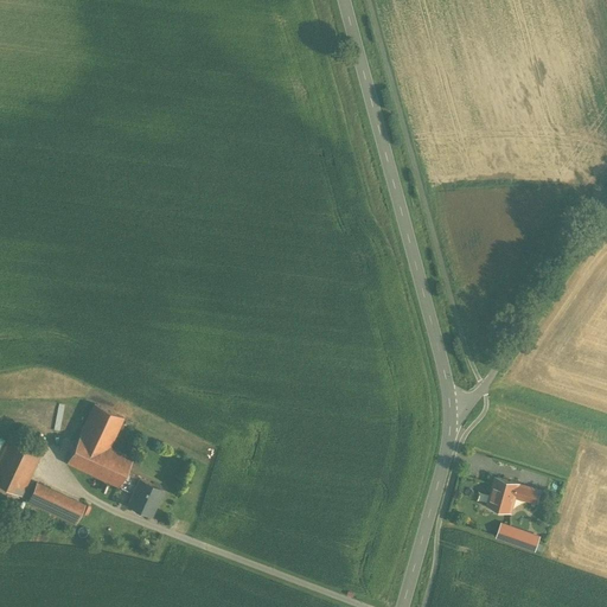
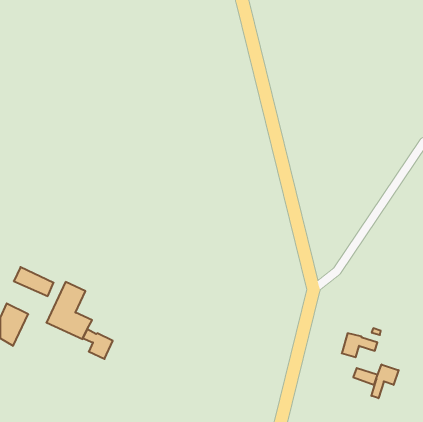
building: [27,484,84,525] -> [14,267,54,296]
building: none -> [371,364,399,398]

